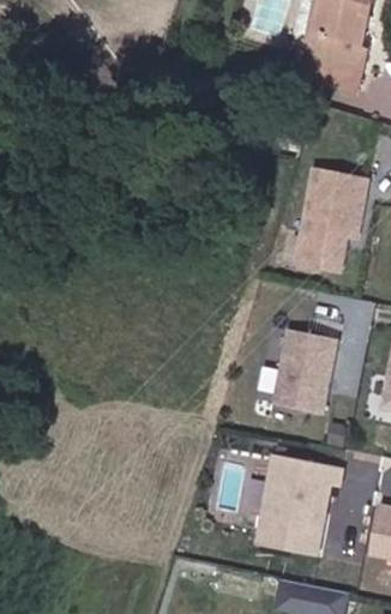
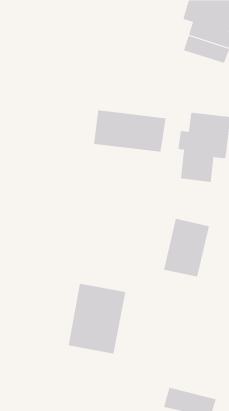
building: none -> [94,110,166,153]
building: [253,452,339,558] -> [68,283,126,354]

